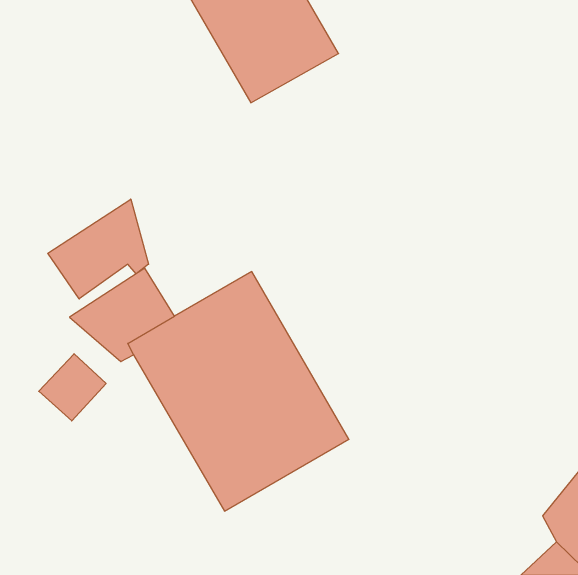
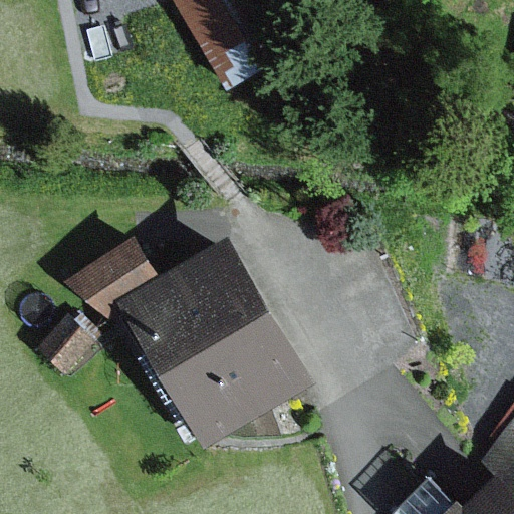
building: [48,199,149,299] -> none

